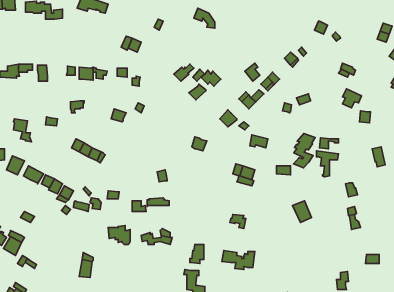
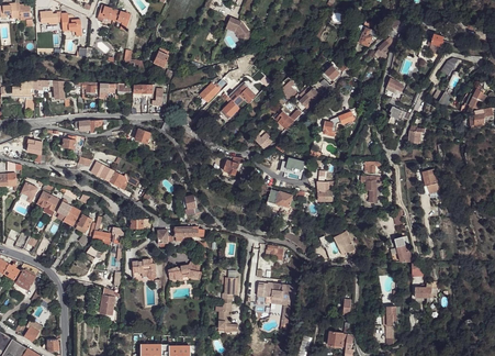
building: [293,133,315,168] -> none

